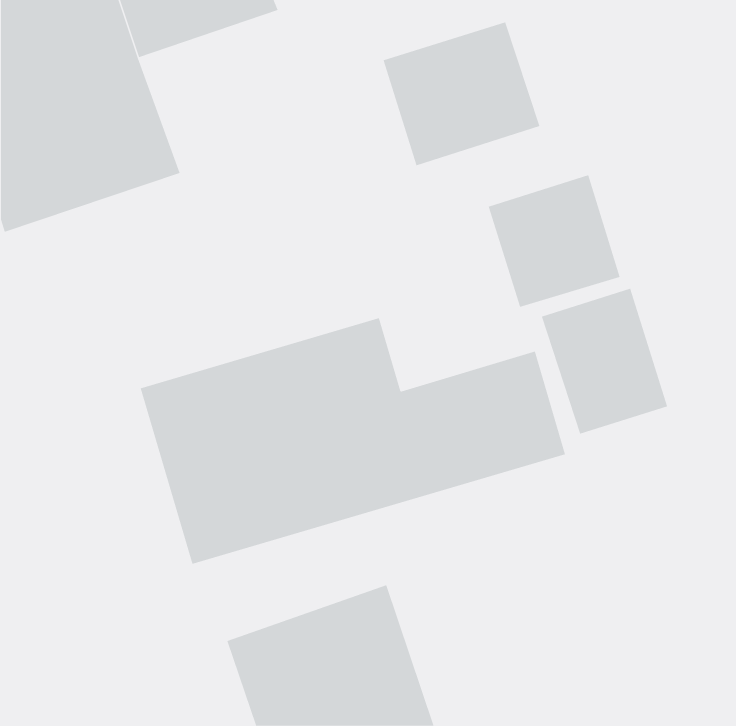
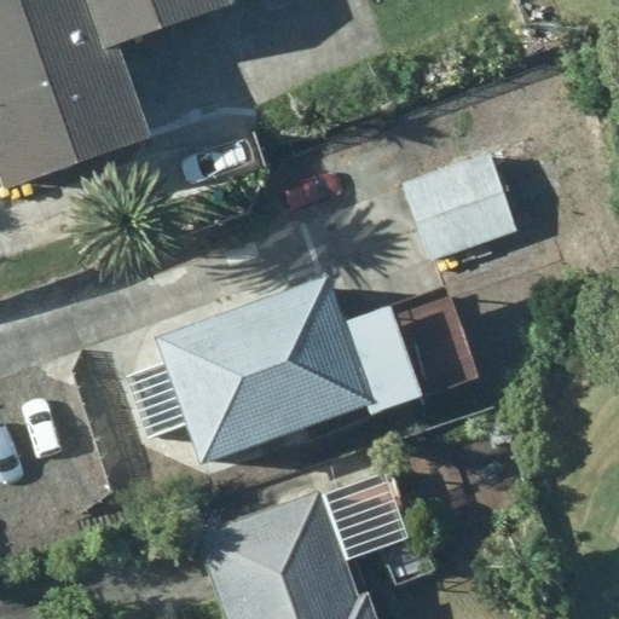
building: [383,21,540,166] -> none
building: [541,288,668,435] -> none

